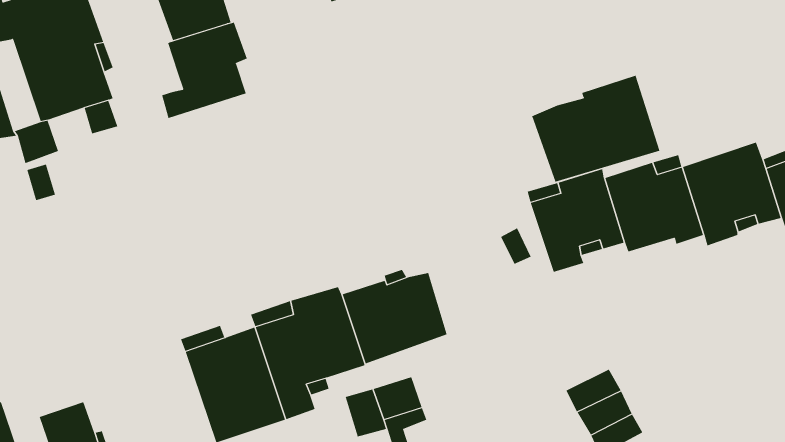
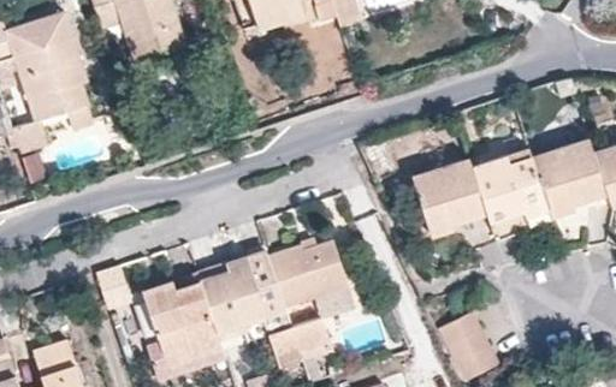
building: [161,22,247,119] -> none
building: [531,75,660,182] -> none

